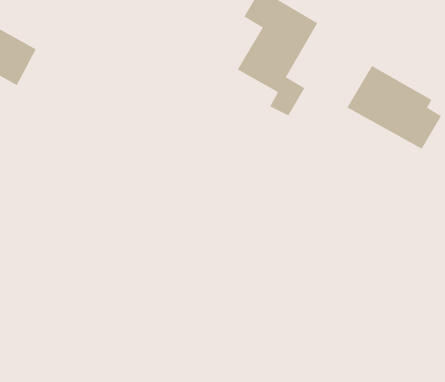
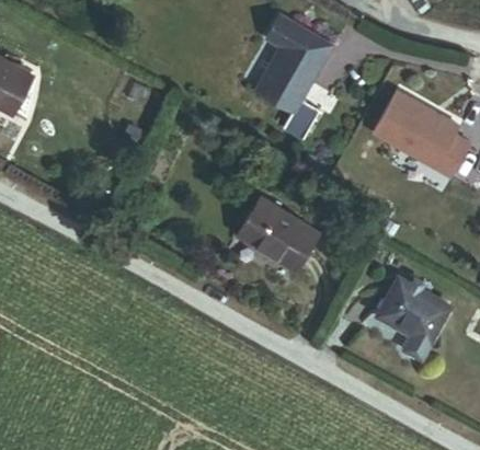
building: none -> [238,193,319,263]
building: none -> [378,279,449,358]

